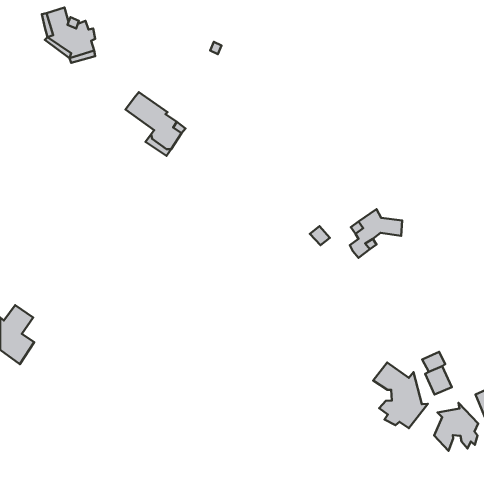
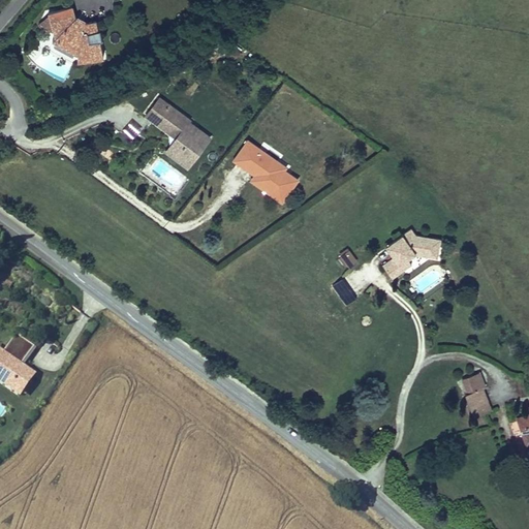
building: none -> [235,137,305,203]
building: [373,363,428,428] -> none
building: [434,403,478,451] -> none

